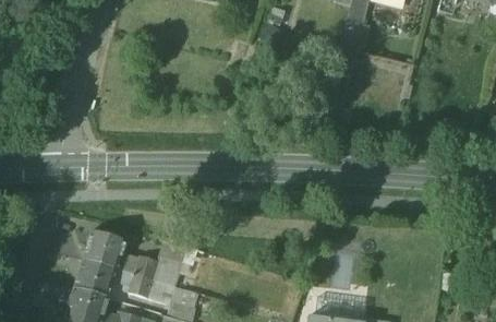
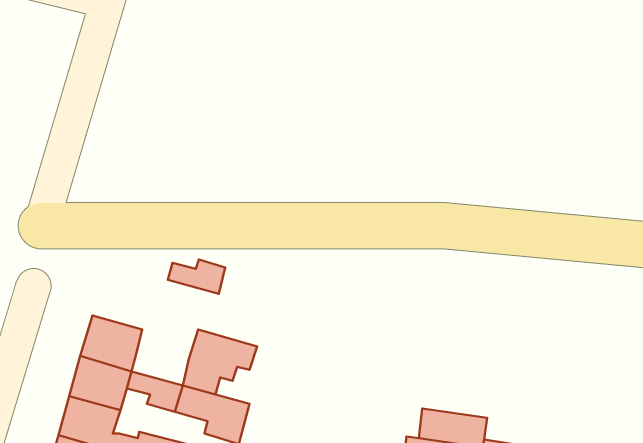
building: [116,257,156,281] -> [168,260,225,294]

